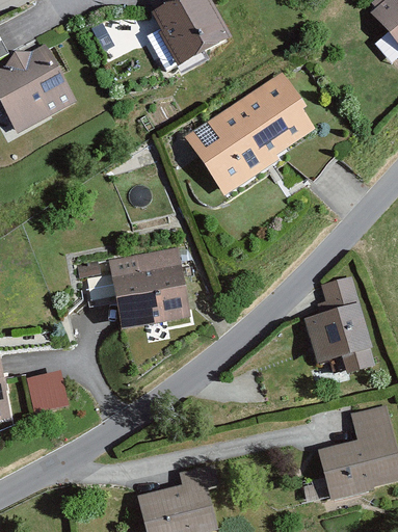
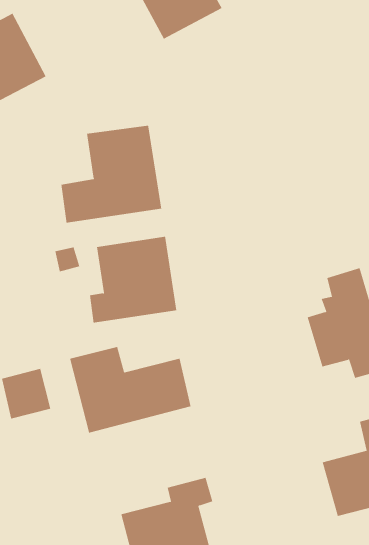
building: [175,72,313,196] -> none
building: none -> [61,125,162,224]
building: none -> [69,346,191,434]

